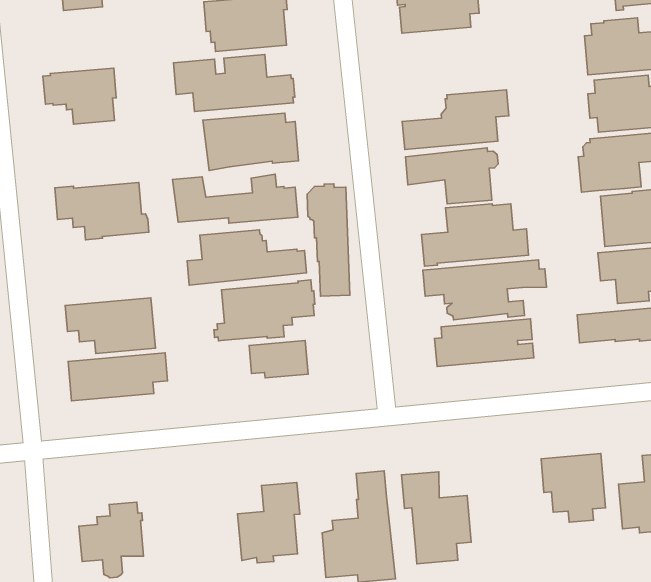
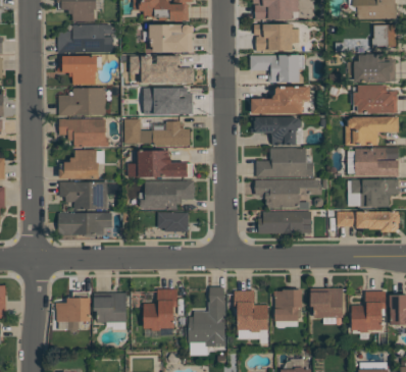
building: none -> [57,23,113,52]
building: none -> [250,54,304,82]
building: none -> [58,87,105,115]
building: [307,184,350,296] -> none
building: none -> [59,149,99,177]
building: none -> [274,288,302,320]
building: none -> [94,291,126,321]

